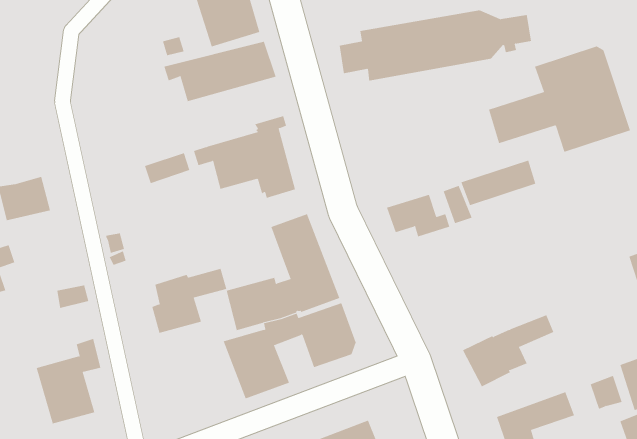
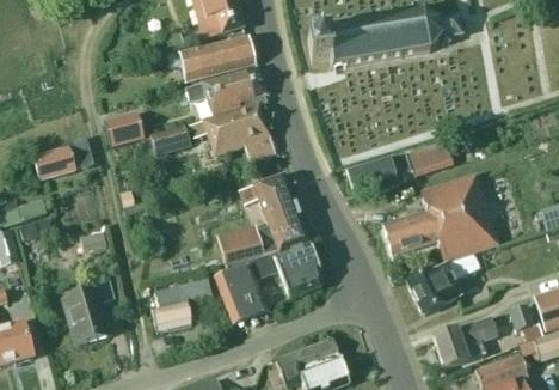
building: [488,46,631,153] -> [383,173,498,260]
building: none -> [186,66,264,114]
building: none -> [105,112,145,146]
building: [151,268,227,334] -> [152,278,213,330]

